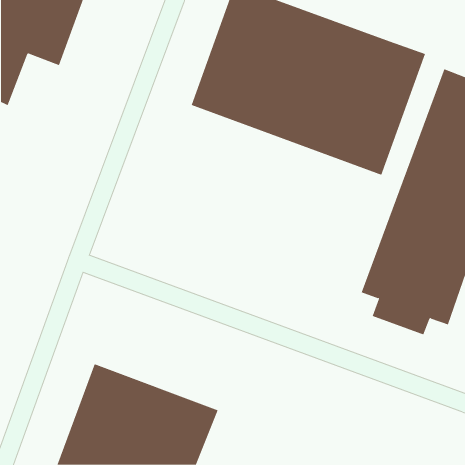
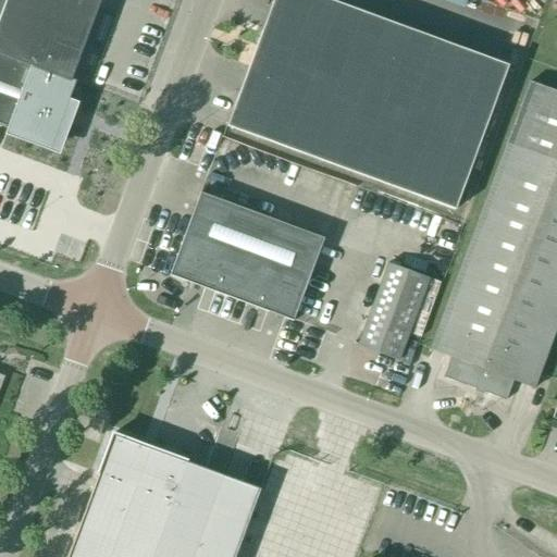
building: none -> [10,64,77,147]
building: none -> [171,191,325,320]
building: none -> [359,262,431,359]

